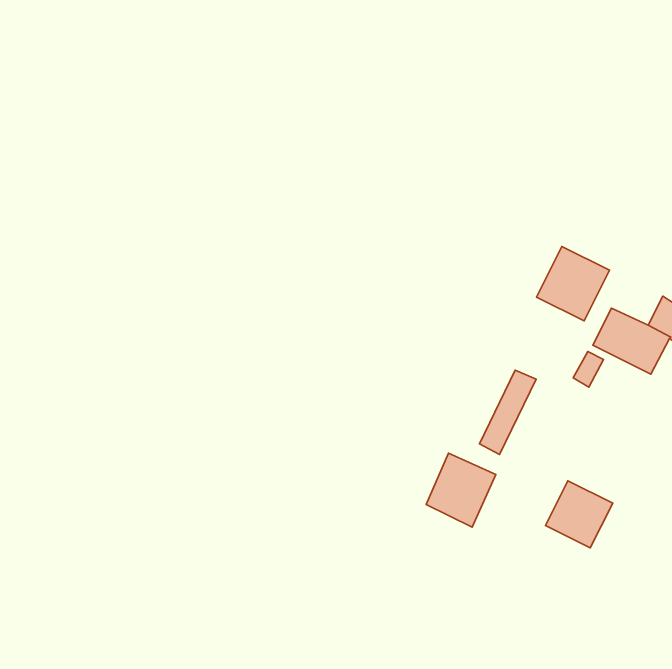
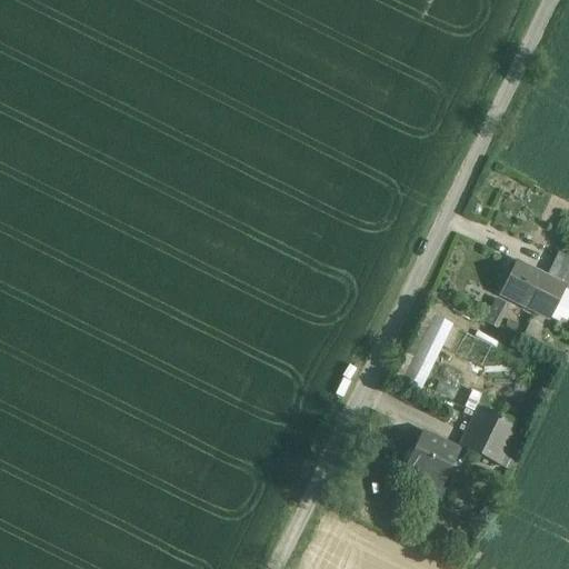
building: [536,246,610,321] -> none
building: [426,453,496,527] -> [402,428,461,490]

